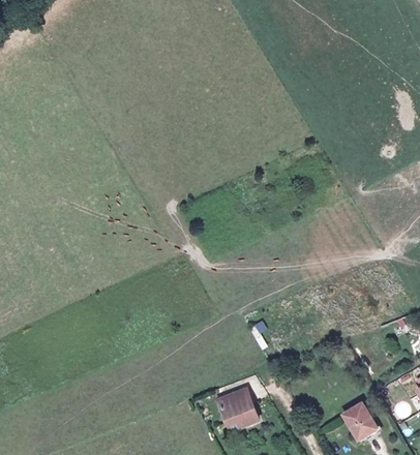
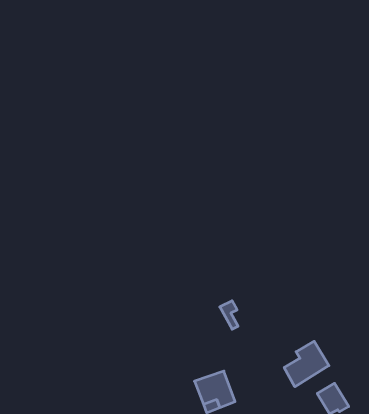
building: none -> [284,341,329,387]

